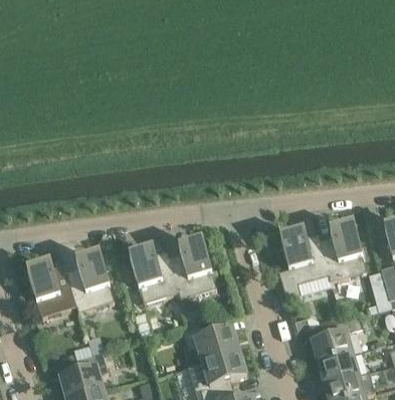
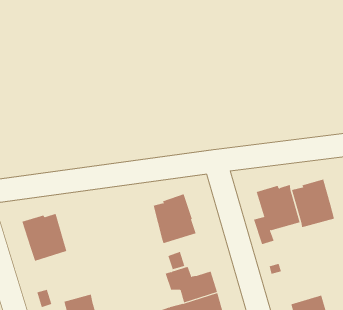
building: [130,249,178,302] -> none
building: [66,256,114,311] -> none
building: [312,314,362,362] -> none

